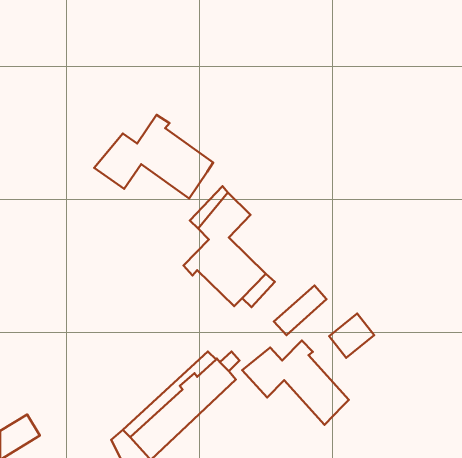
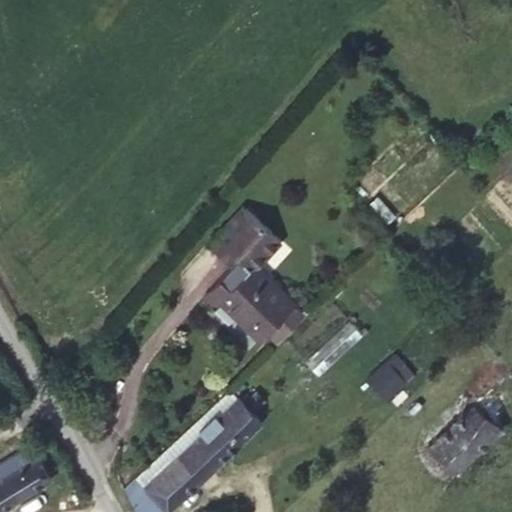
building: [94,115,213,198] -> none
building: [242,341,349,425] -> none
building: none -> [428,404,503,476]

